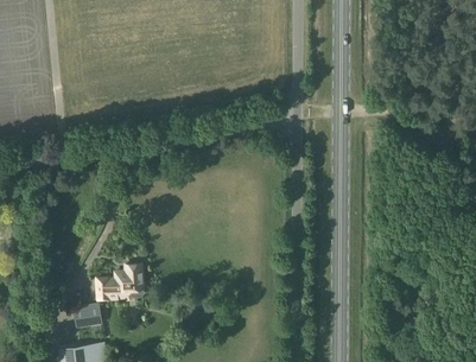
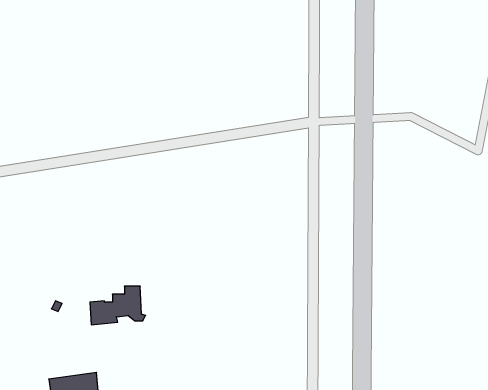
building: [74,301,104,328] -> none

